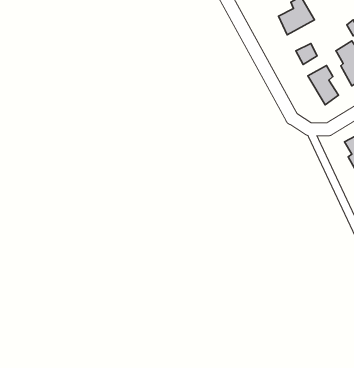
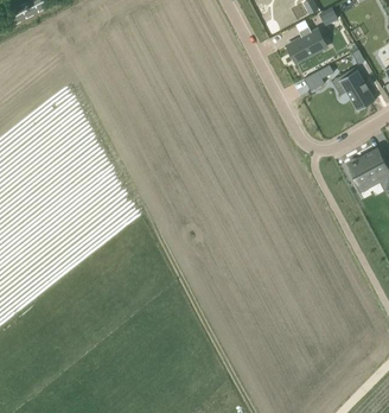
building: [308,65,338,105] -> none

